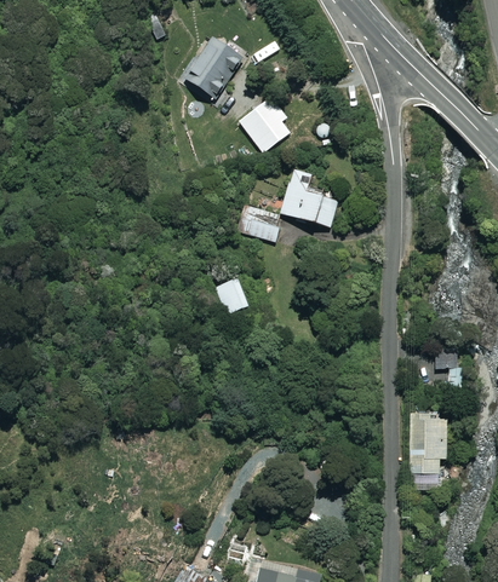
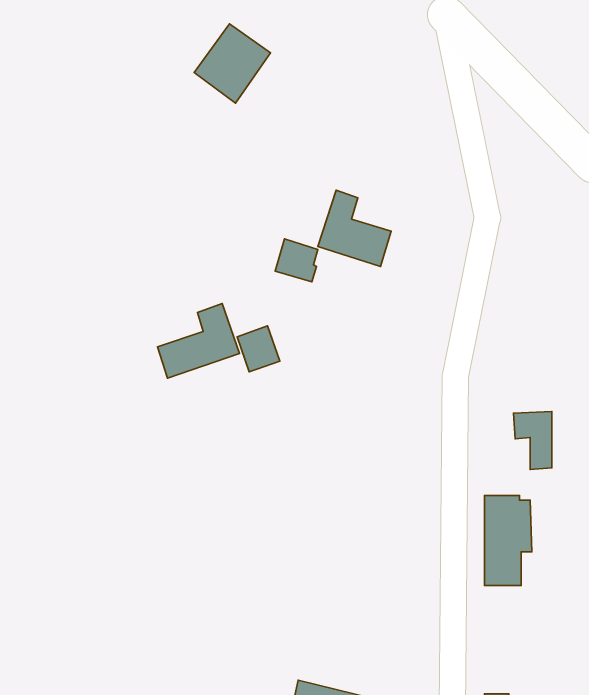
building: [236,98,288,155] -> none
building: none -> [158,303,240,378]

